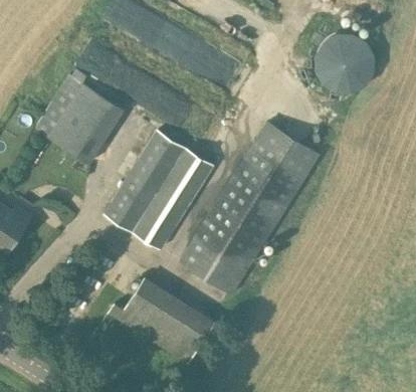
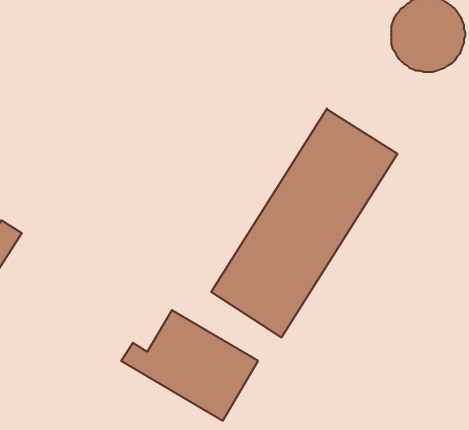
building: [34,69,129,165] -> none
building: [102,131,212,251] -> none

